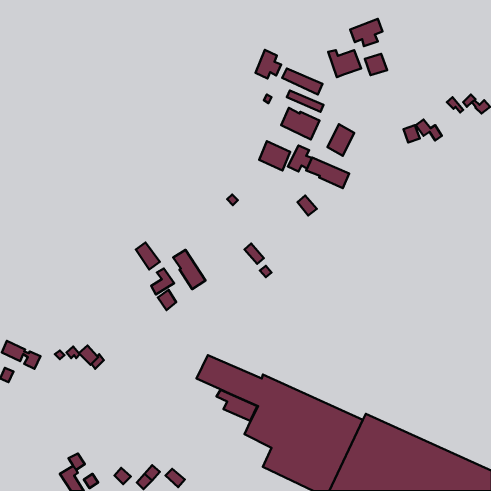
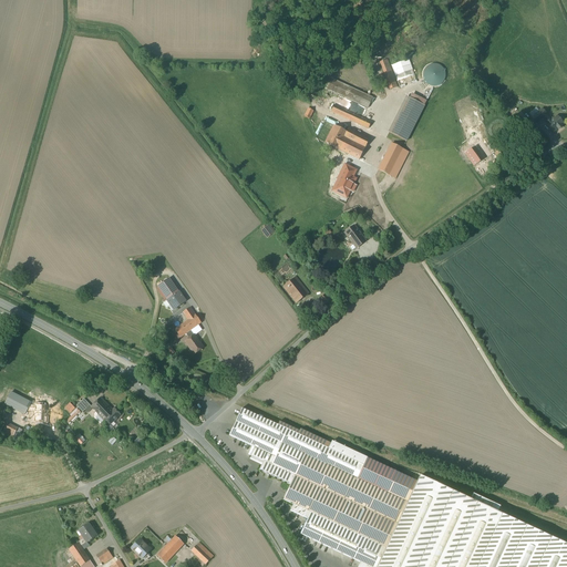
building: [350,19,382,46] -> none
building: [255,50,281,78] -> none
building: none -> [386,96,424,142]
building: [259,141,290,171] -> none
building: [306,158,349,188] -> none
building: [173,250,206,289] -> none

